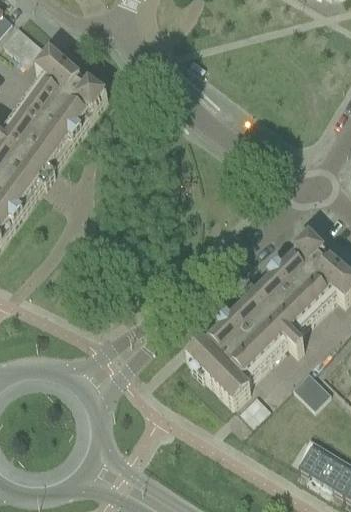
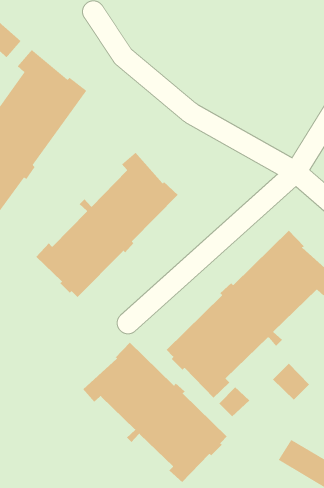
building: none -> [36,152,178,298]
building: none -> [82,342,228,483]

